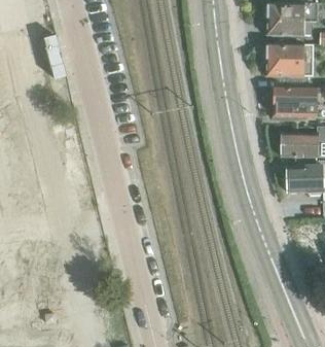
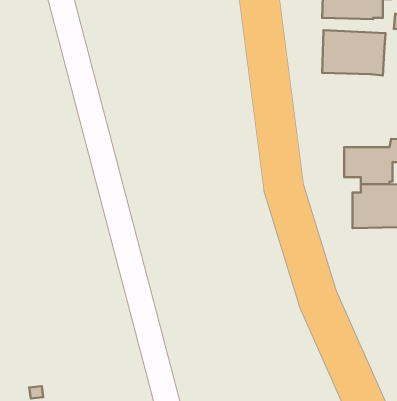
building: [274,89,318,120] -> none

